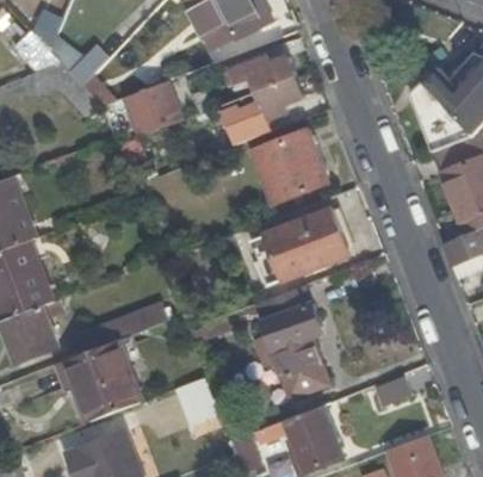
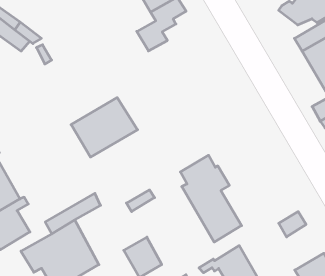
building: [124,83,178,132] -> none
building: [249,128,321,203] -> none
building: [266,207,349,278] -> [71,98,138,157]

